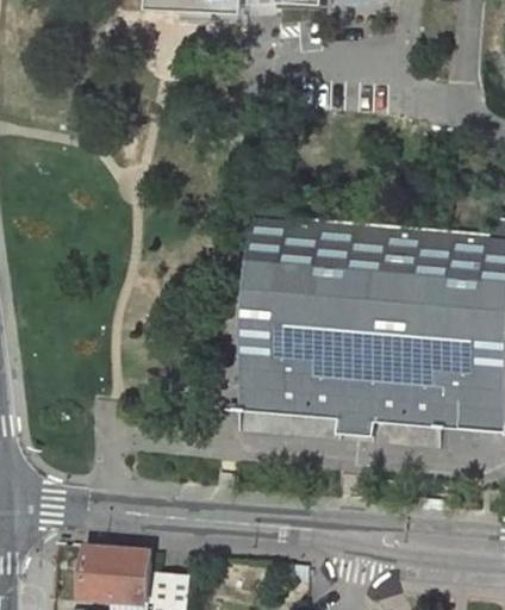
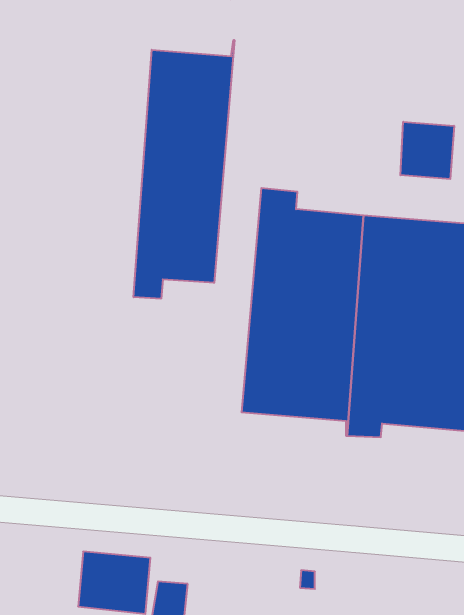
building: none -> [134,40,234,299]
building: none -> [400,122,454,179]

